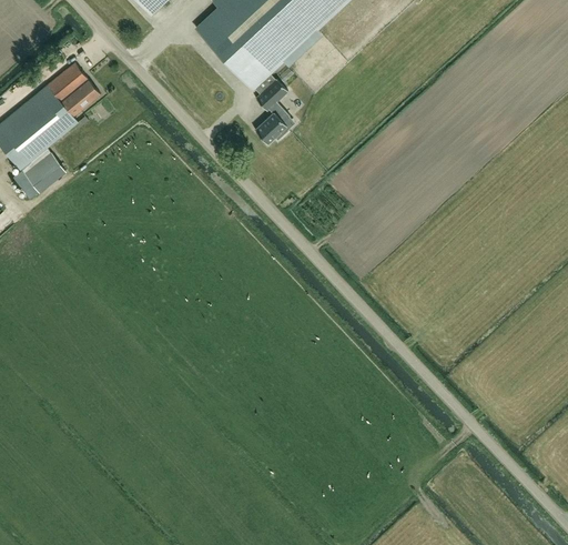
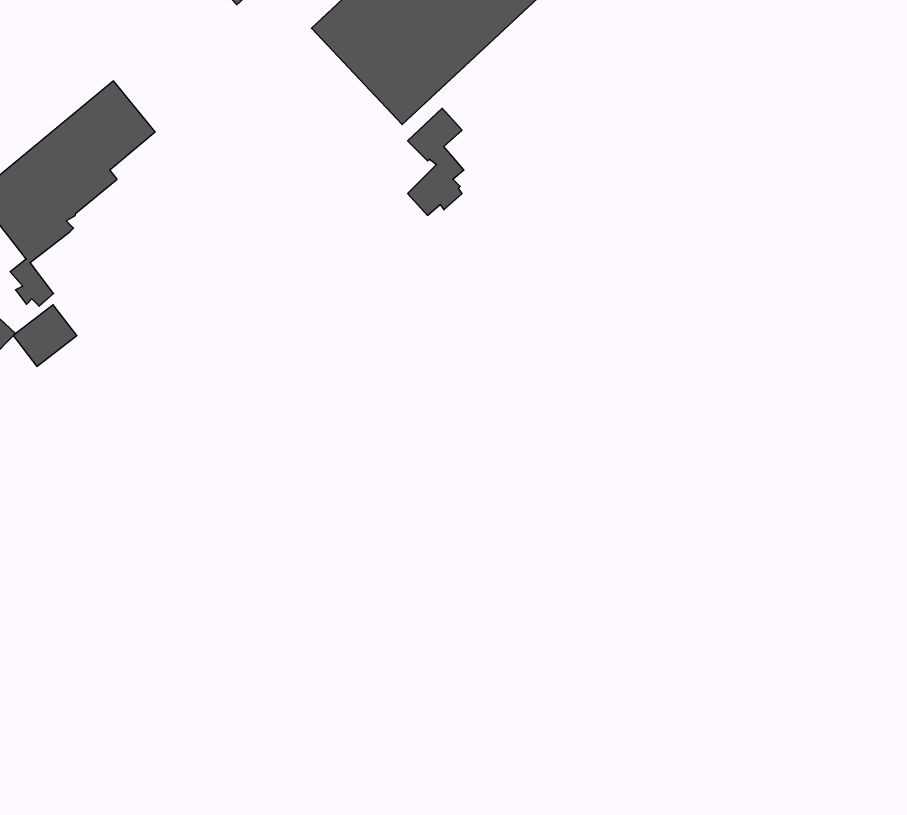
building: [24,153,63,191] -> [13,305,77,367]

